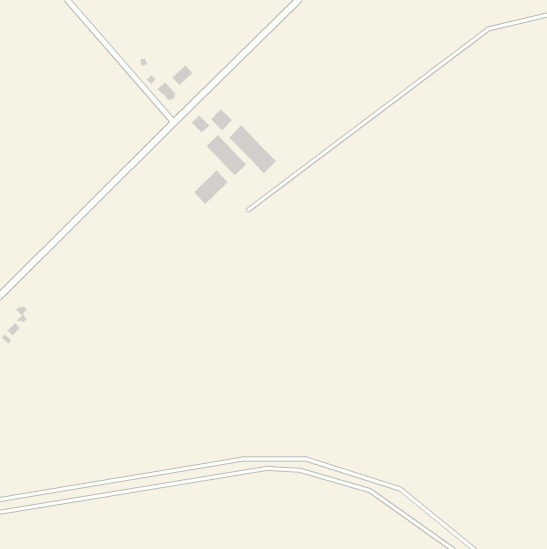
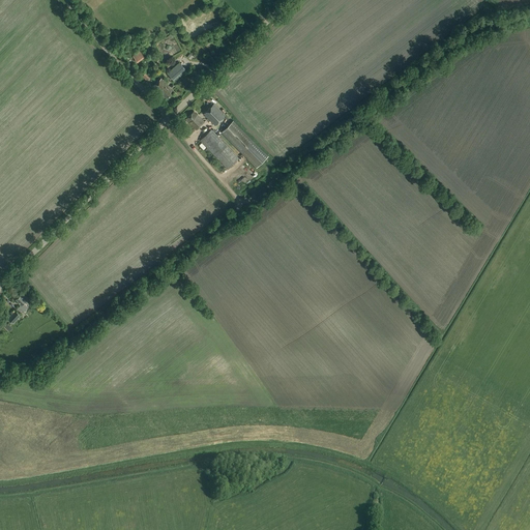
building: [193,170,228,205] -> none

